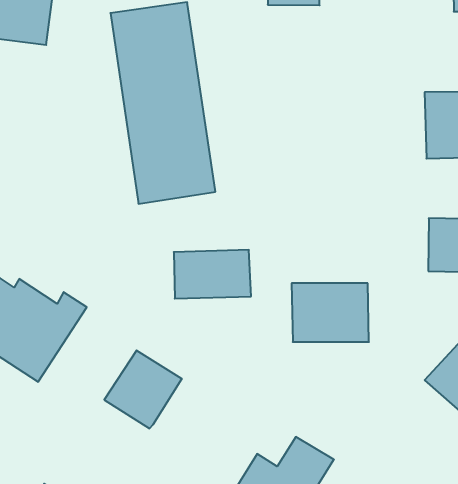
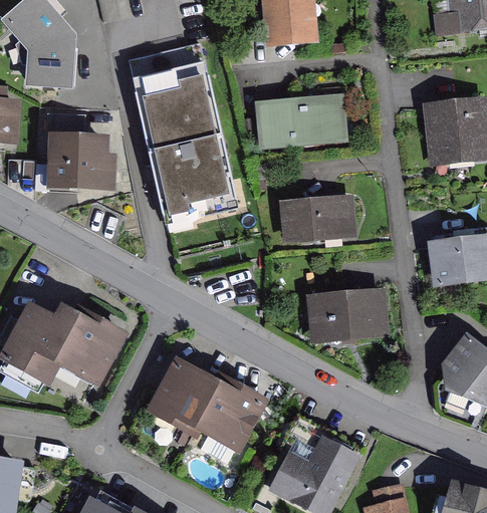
building: none -> [257,92,346,149]
building: none -> [47,136,115,189]
building: [174,250,251,299] -> [281,194,354,243]
building: none -> [195,381,261,451]

